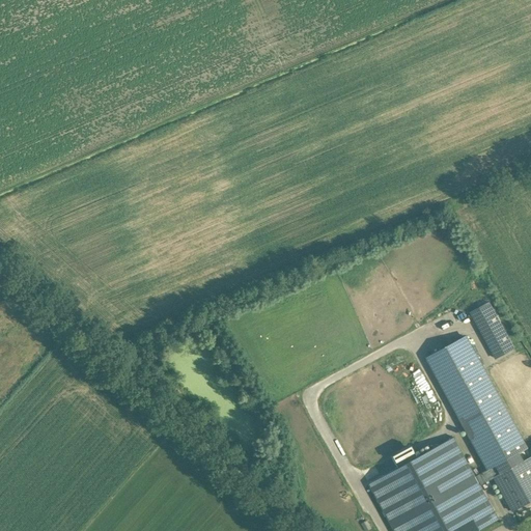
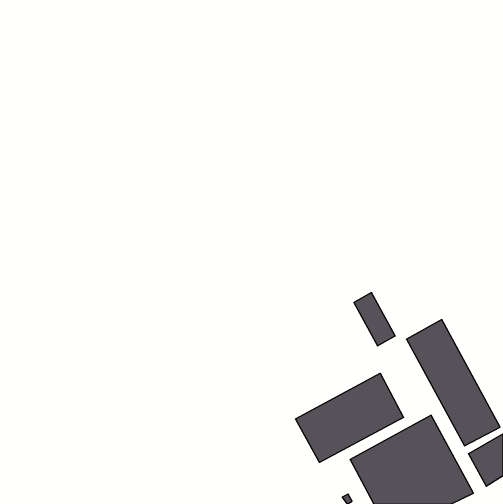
building: [470,302,513,358] -> [354,293,395,346]
building: none -> [296,373,404,462]

